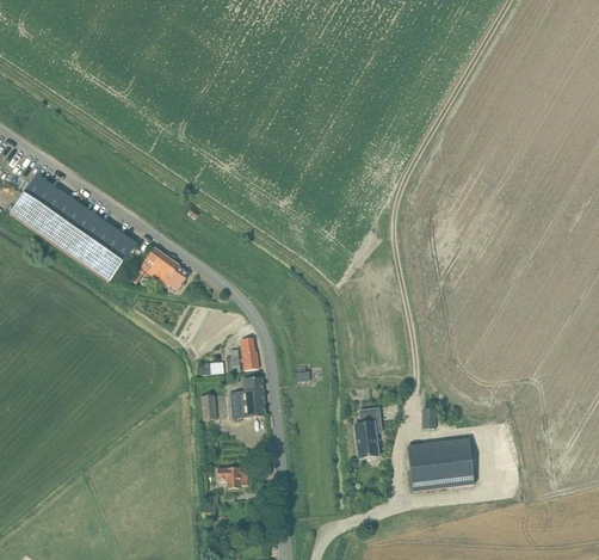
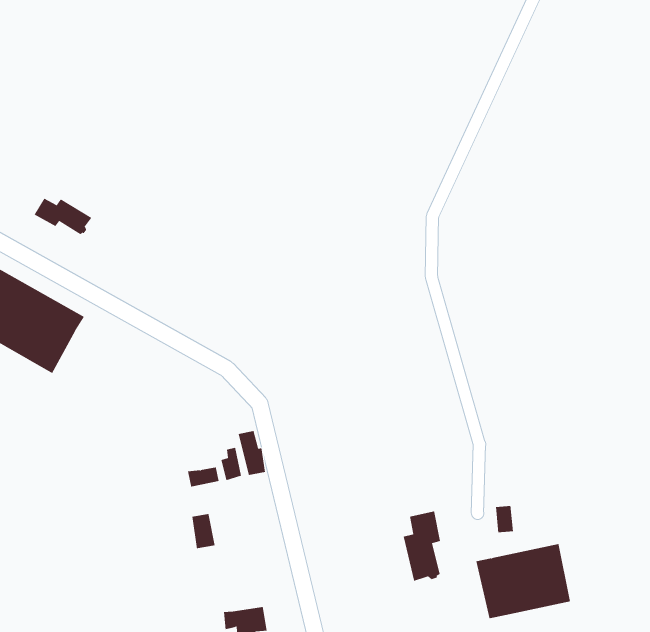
building: none -> [34,198,92,235]
building: [140,247,190,289] -> none
building: [229,377,265,418] -> none

